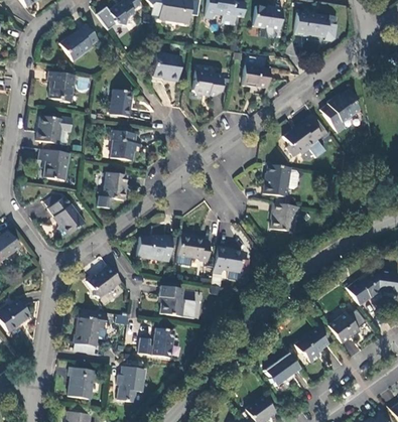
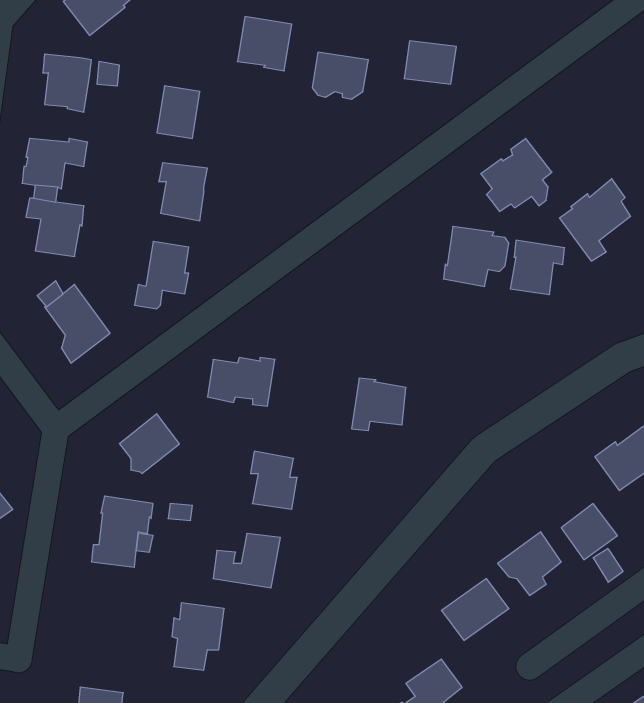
building: [321,87,360,131] -> [559,179,631,261]
building: [271,200,300,230] -> [510,240,565,295]
building: [177,233,210,260] -> none
building: [69,367,94,399] -> none

